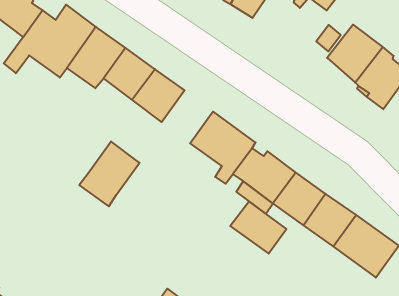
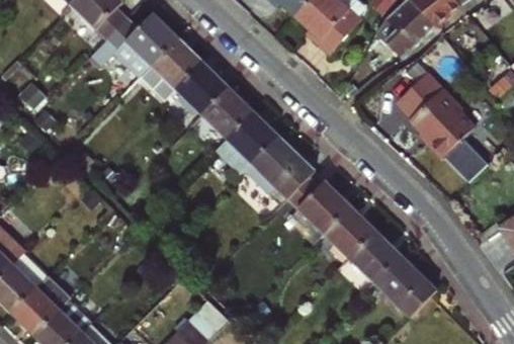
building: [79,141,140,206] -> [219,113,279,175]
building: [230,201,286,254] -> none

